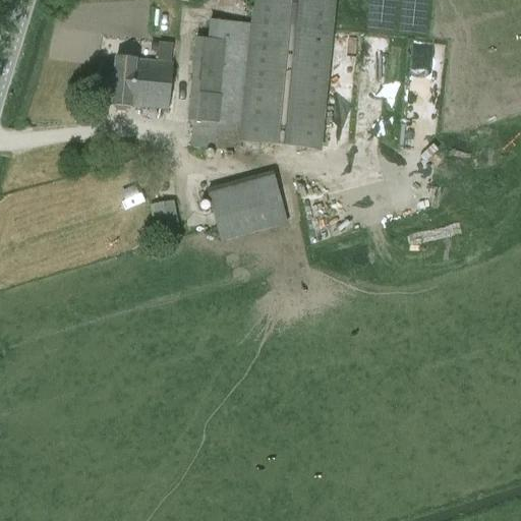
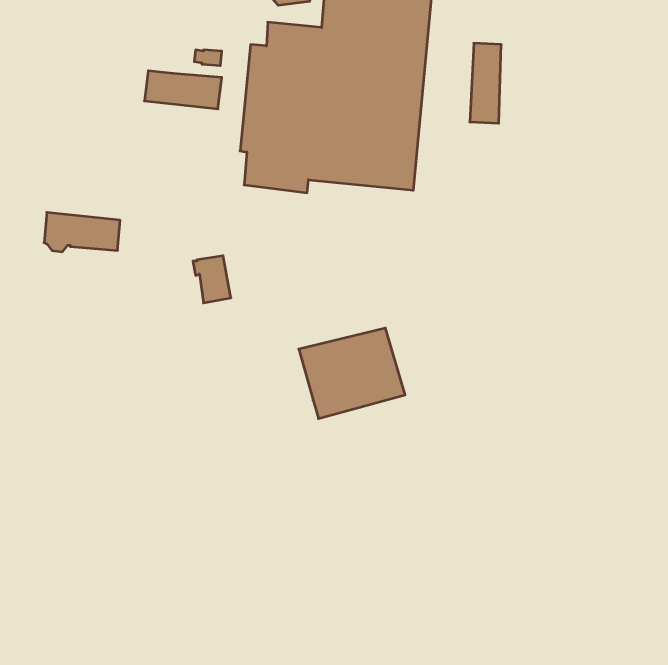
building: [112,78,171,109] -> [44,212,120,252]
building: [207,169,289,239] -> [299,328,405,419]

